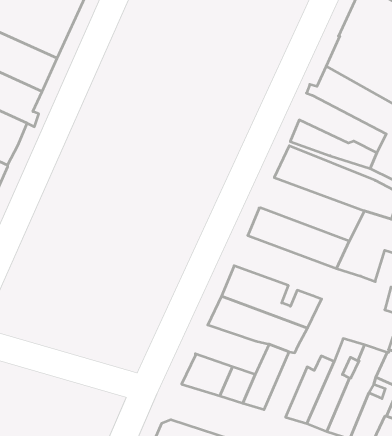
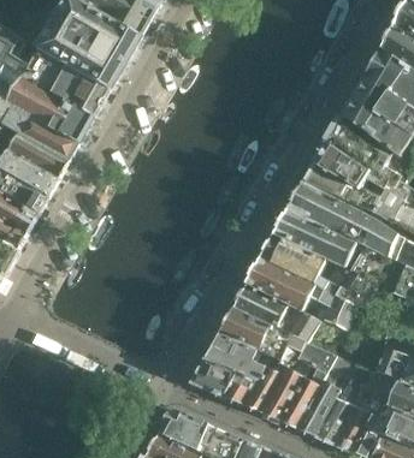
building: none -> [313,141,388,196]
building: none -> [272,209,362,270]
building: none -> [244,257,354,328]
building: none -> [203,332,262,379]
building: none -> [259,343,333,418]

